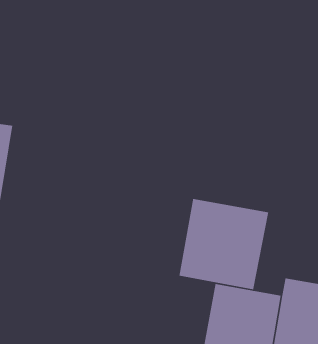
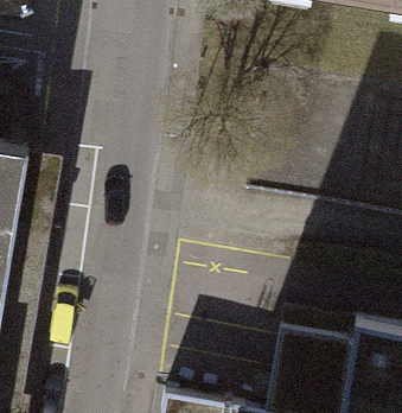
building: [179,198,269,290] -> none

